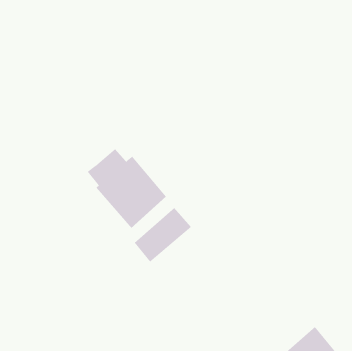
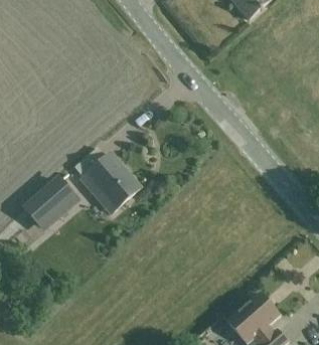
building: [134,207,192,263] -> [26,180,73,225]

